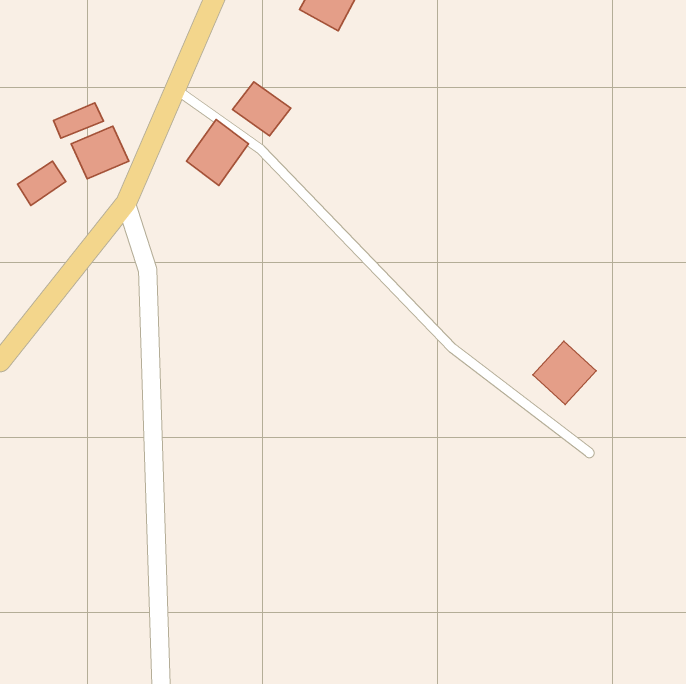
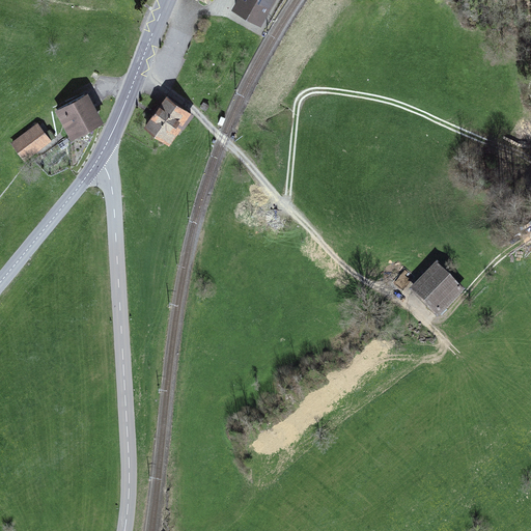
building: [232,82,291,136] -> none
building: [53,103,103,138] -> none

